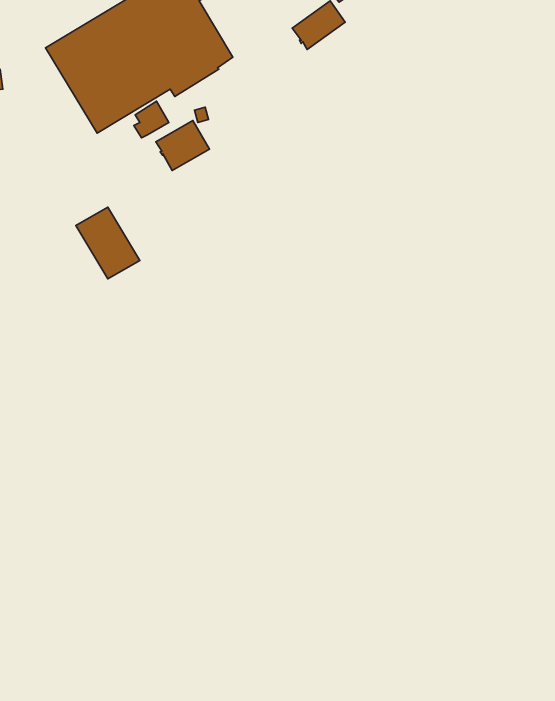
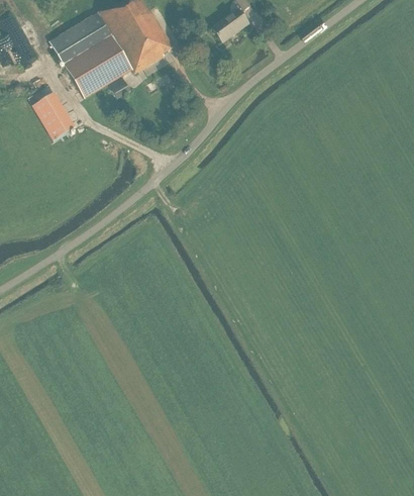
building: [156,121,209,170] -> none
building: [76,207,140,279] -> [33,93,76,140]

